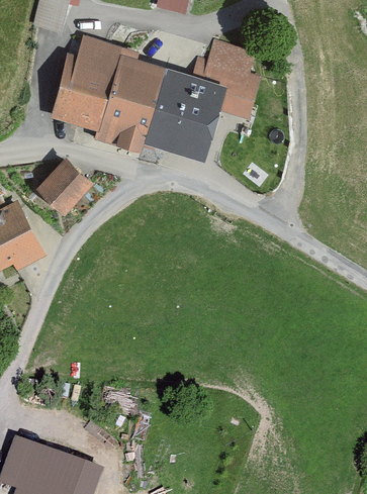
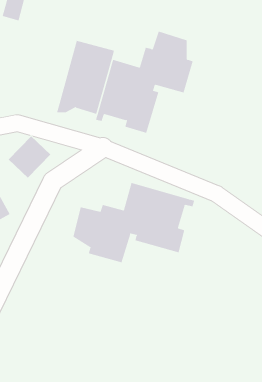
building: [53,42,119,124] -> none
building: none -> [73,182,195,263]

